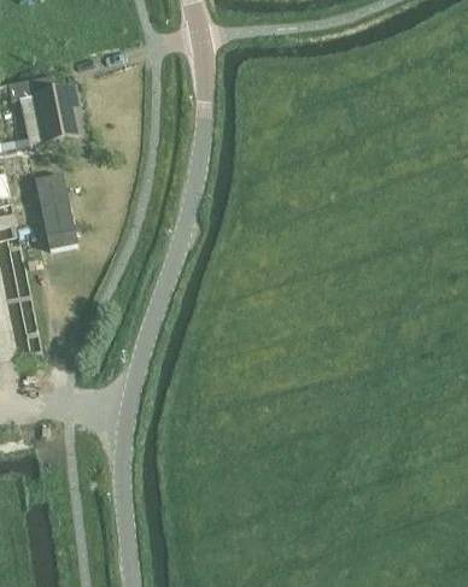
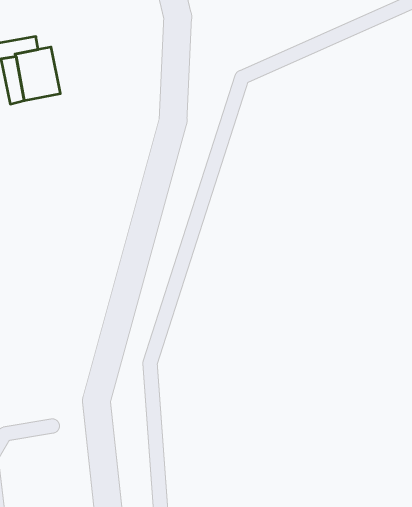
building: [34,172,77,250] -> none

